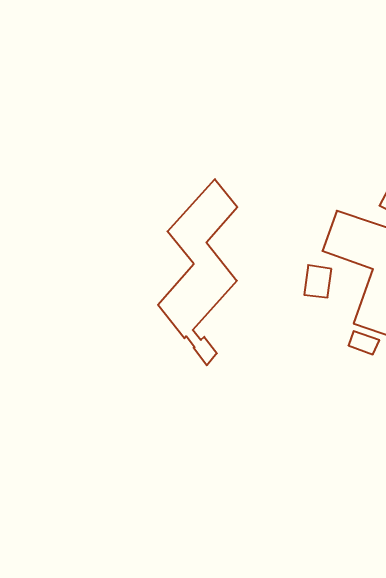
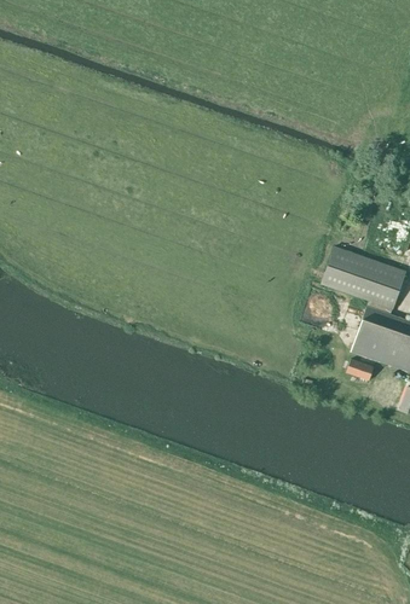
building: [158,179,237,365] -> none

